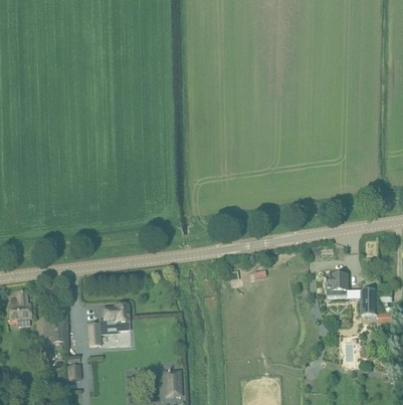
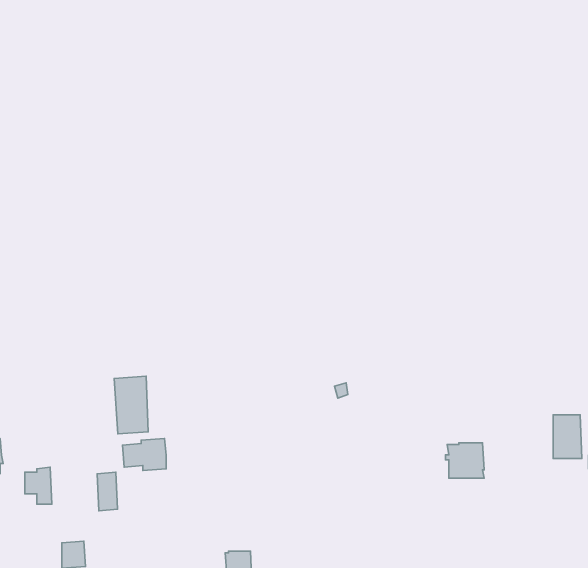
building: none -> [114,376,148,434]
building: [325,273,348,294] -> [446,443,484,478]

